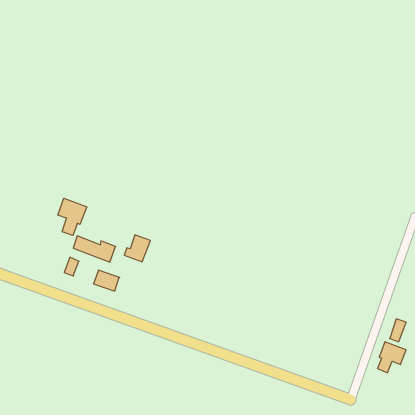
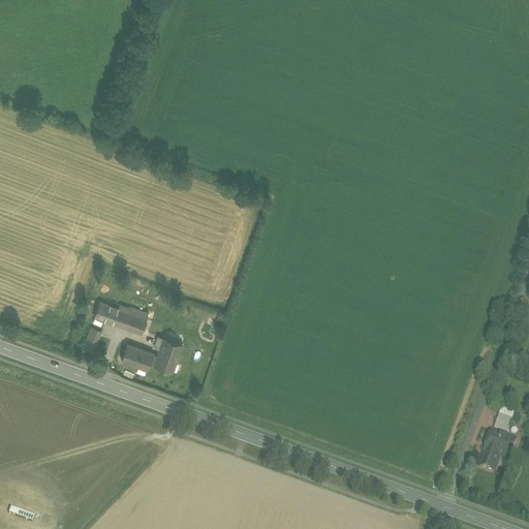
building: [58,198,87,235] -> none
building: [124,235,150,262] -> [148,337,181,371]

